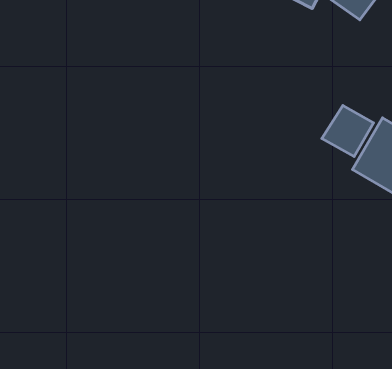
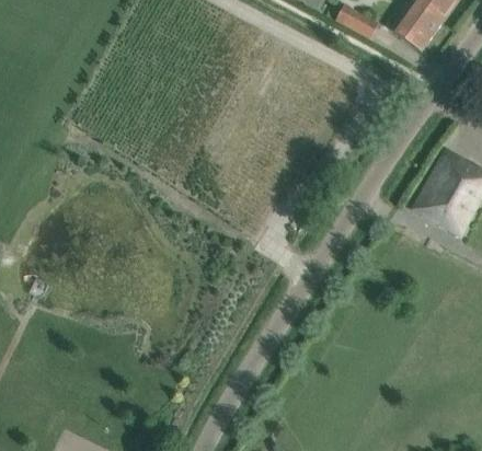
building: [322,105,374,156] -> none

